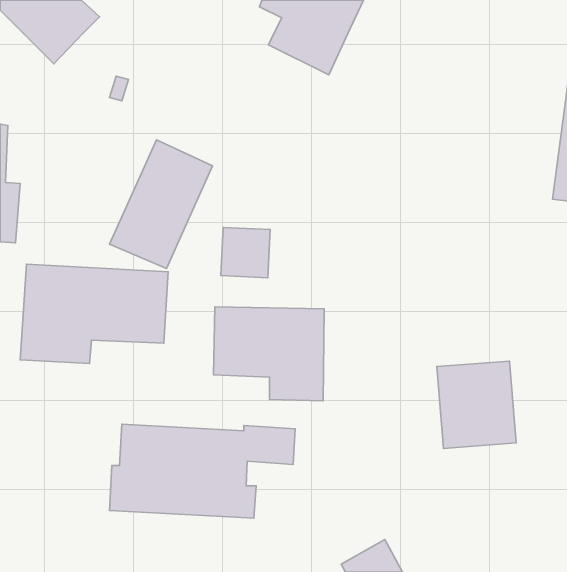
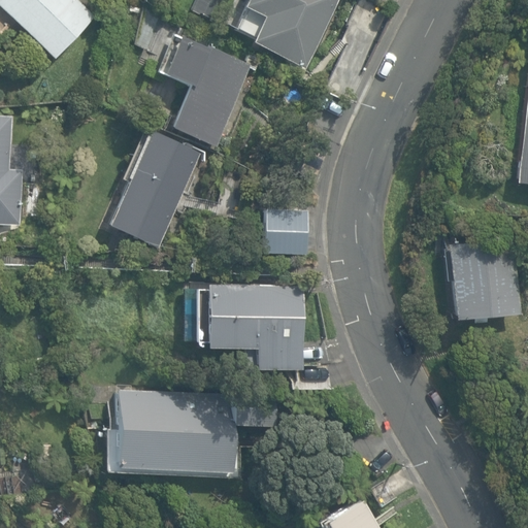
building: none -> [168,43,252,147]
building: [221,227,270,278] -> [262,207,307,254]
building: [20,264,168,364] -> none
building: [437,361,516,448] -> [446,238,519,319]

